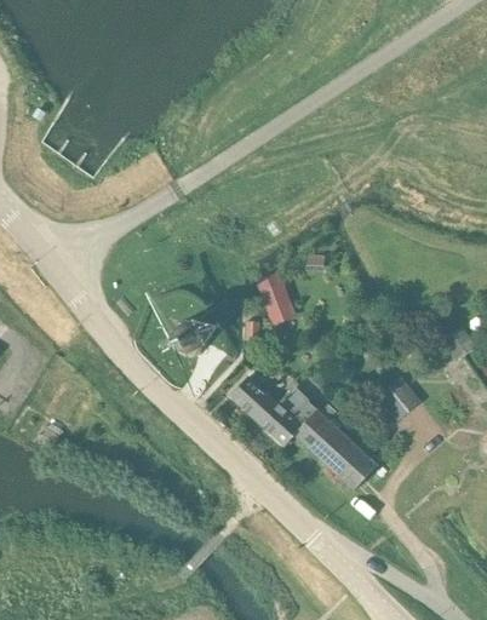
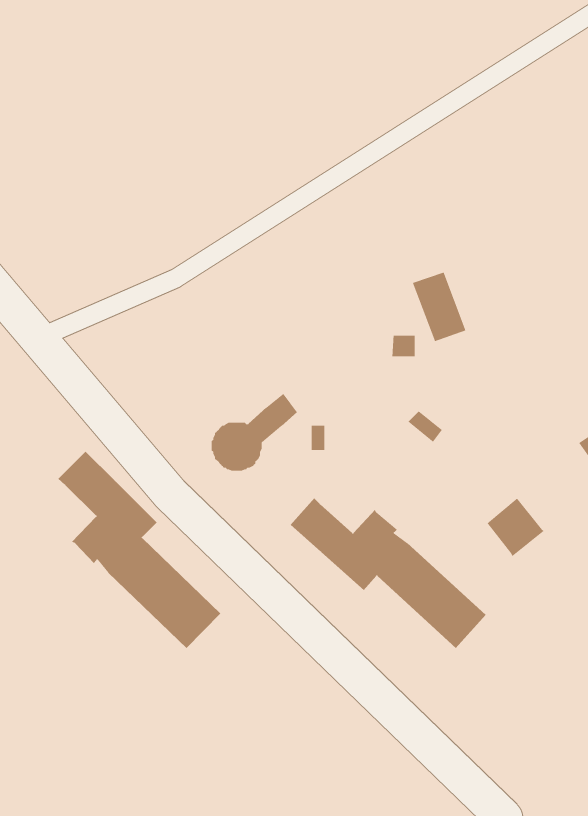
building: [254,271,296,325] -> [412,271,467,342]
building: none -> [57,451,221,649]

